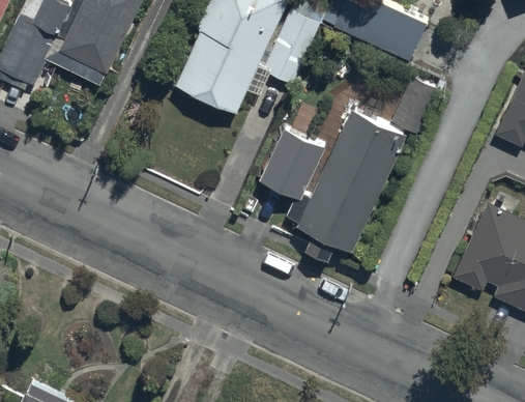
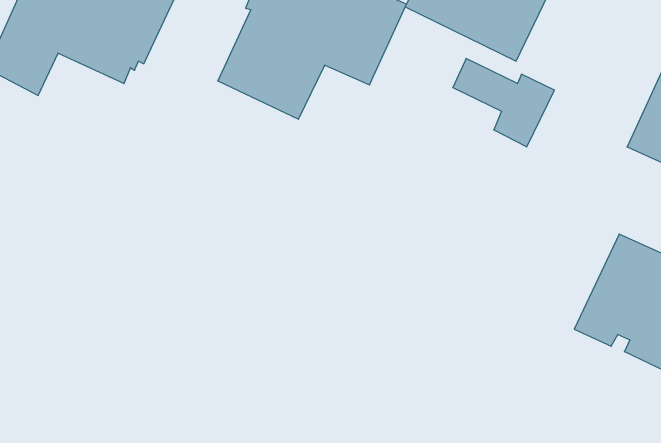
building: [258,109,406,261] -> none

